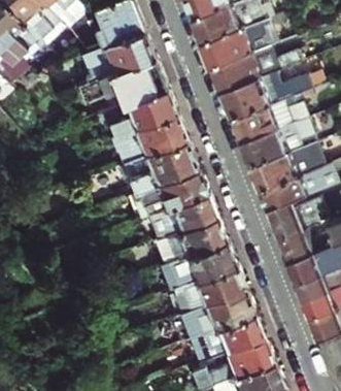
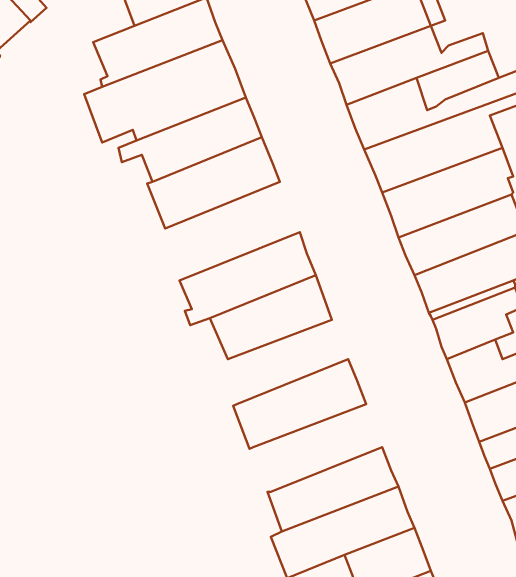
building: [115,136,196,193] -> none
building: [150,216,224,264] -> none
building: [169,264,243,315] -> none

